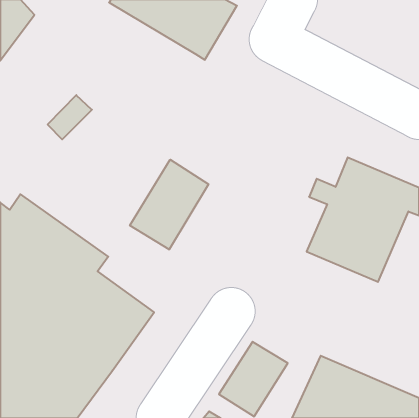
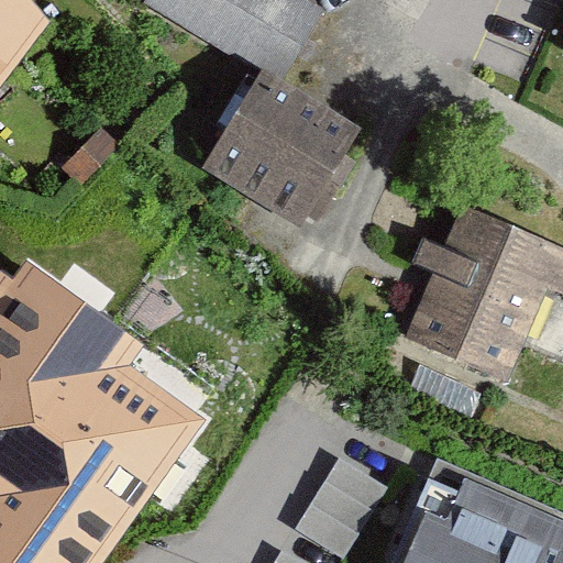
building: none -> [206,73,358,224]
building: [130,160,208,250] -> none

